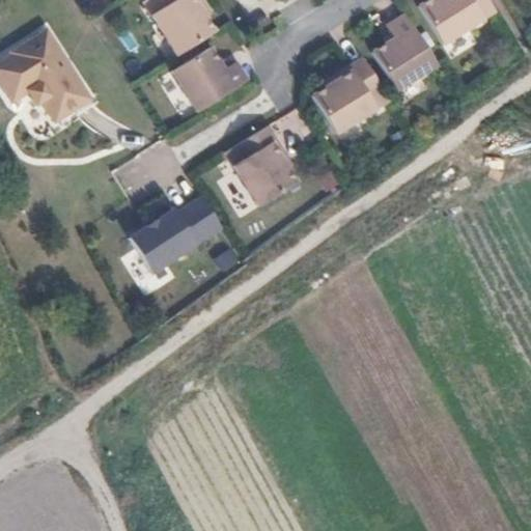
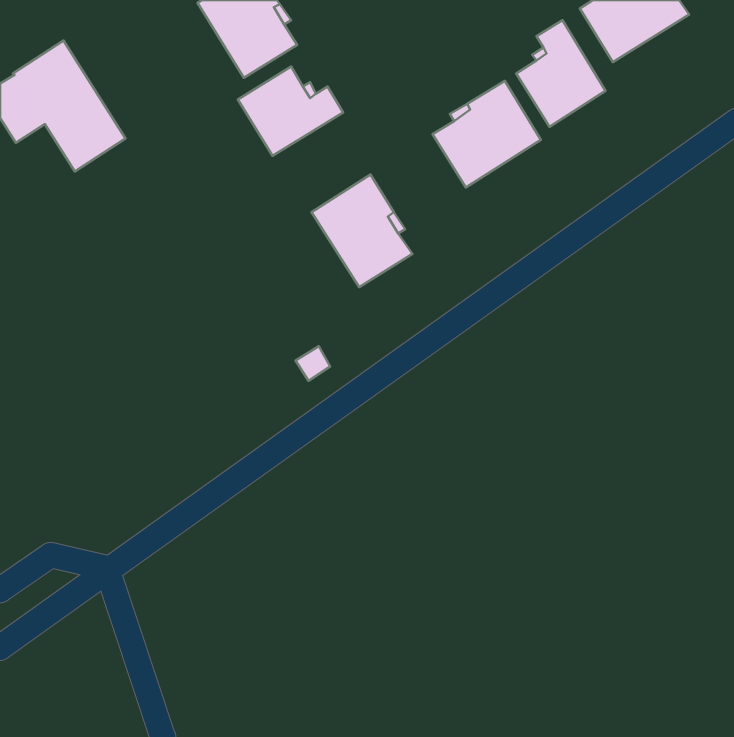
building: [123,186,217,261] -> none

